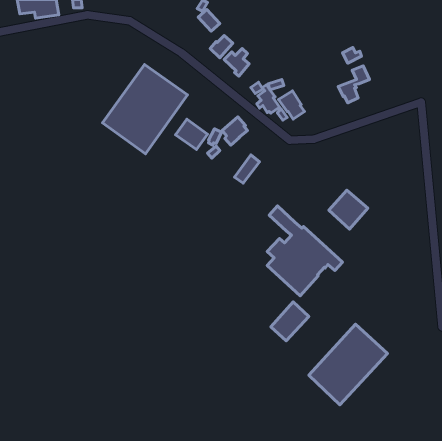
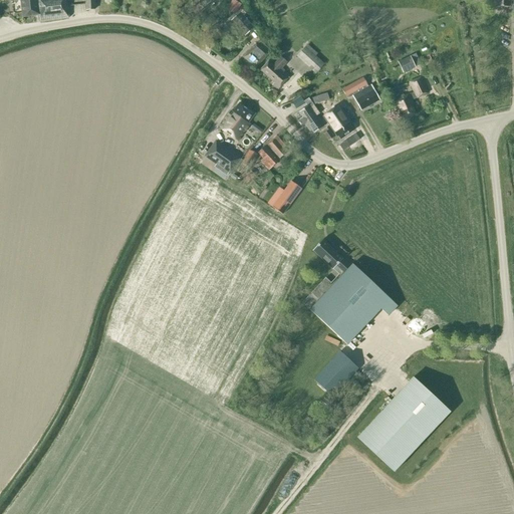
building: none -> [296,43,324,73]
building: [102,65,188,154] -> none
building: none -> [342,77,379,109]
building: none -> [219,102,254,140]
building: [329,190,368,229] -> none

